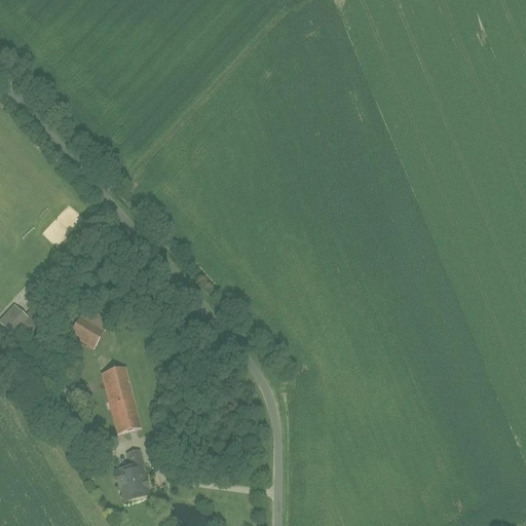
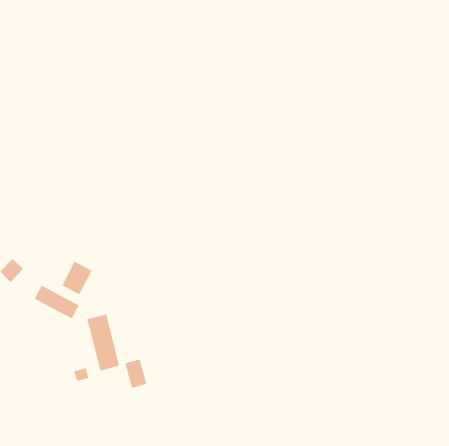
building: none -> [34,285,80,319]
building: [116,464,143,499] -> [124,359,147,389]

